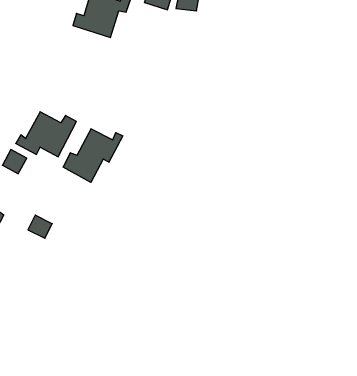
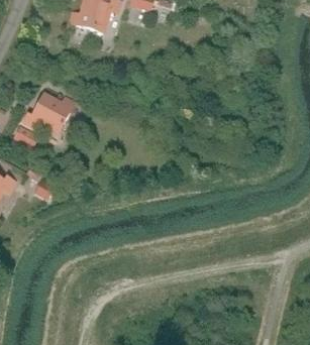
building: [63,129,123,182] -> none

